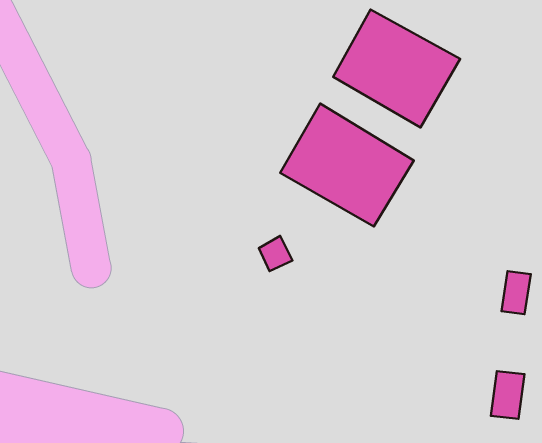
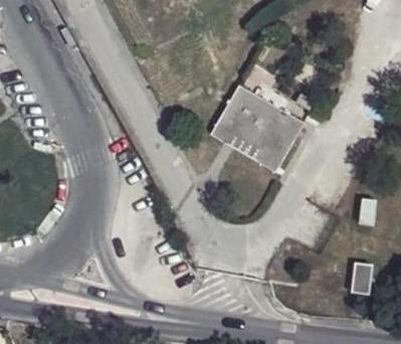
building: [333,10,460,127] -> none

